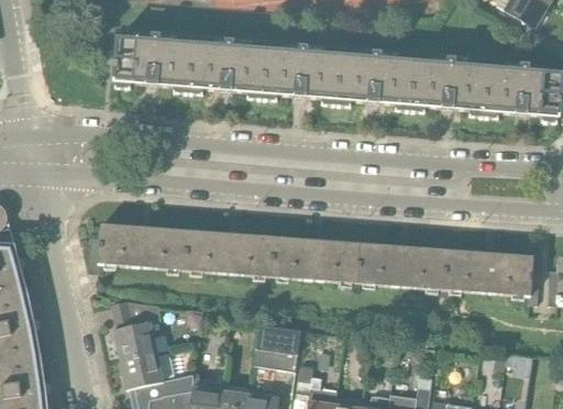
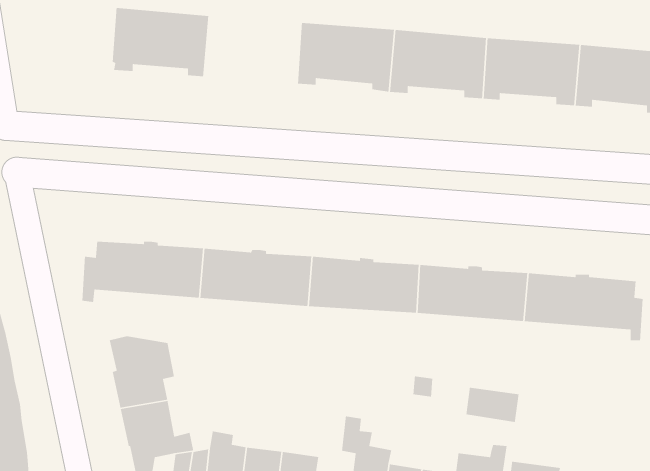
building: [187,43,265,98] -> none
building: [253,323,301,371] -> none
building: none -> [465,387,520,423]

